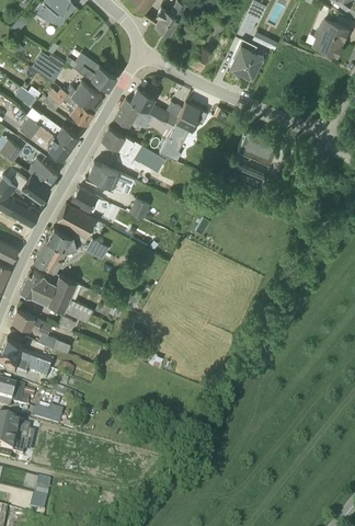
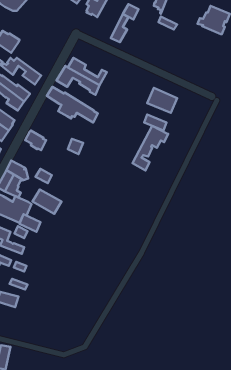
building: [229,38,263,79] -> none
building: [65,53,115,89] -> none
building: [65,81,101,112] -> none
building: [159,102,207,162] -> [133,126,168,170]
building: [88,161,125,191] -> none
building: [56,204,95,237] -> [32,189,62,214]

